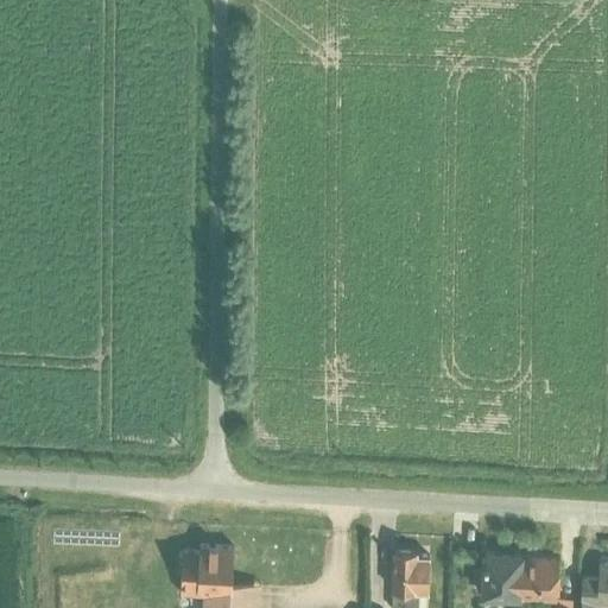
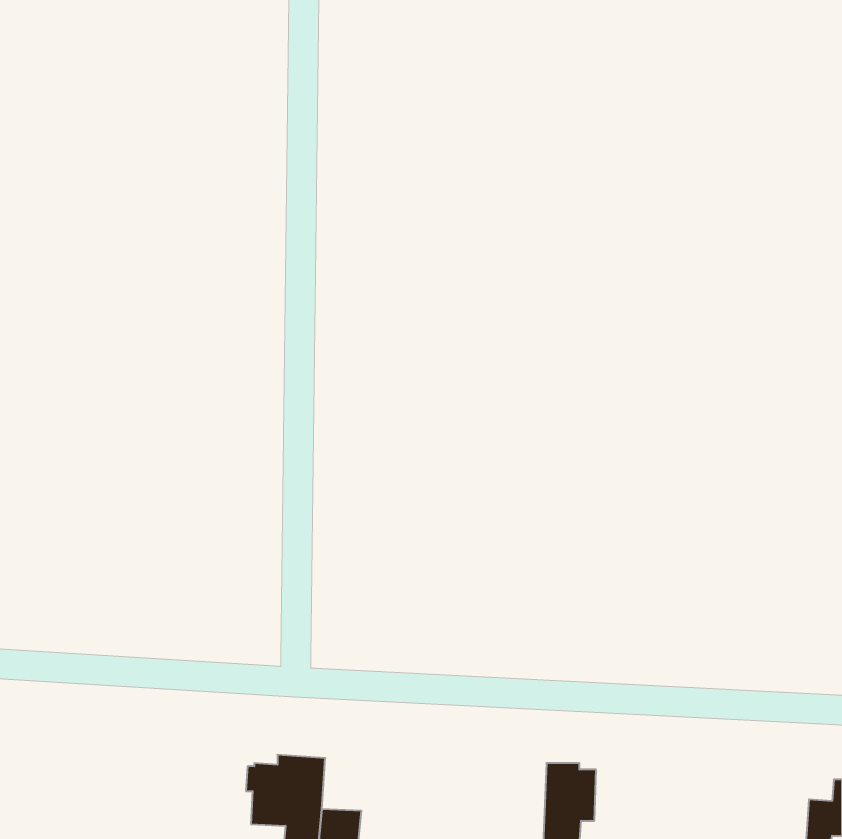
building: [482,555,558,602] -> none

